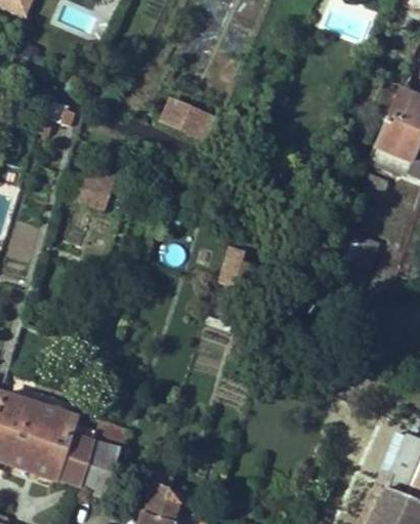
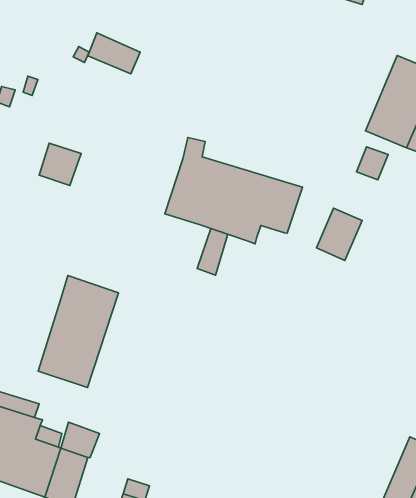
building: [162,100,209,137] -> [88,33,140,74]
building: none -> [165,137,302,244]
building: none -> [38,276,118,388]

